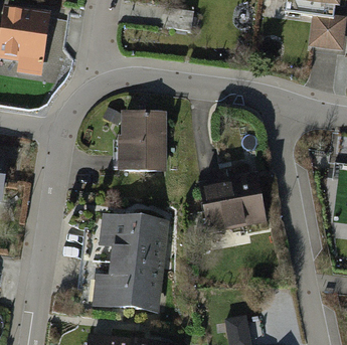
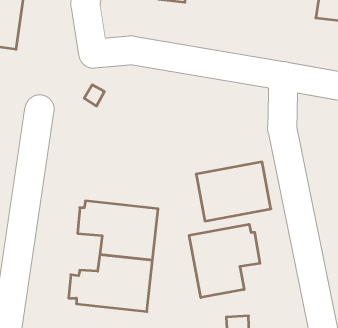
building: [117,112,167,169] -> none
building: none -> [189,224,260,298]

